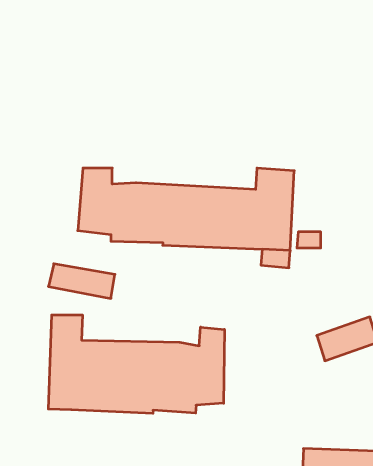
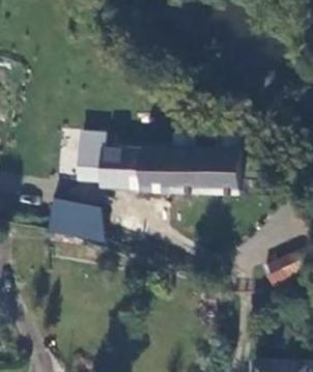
building: [48,315,224,413] -> none

